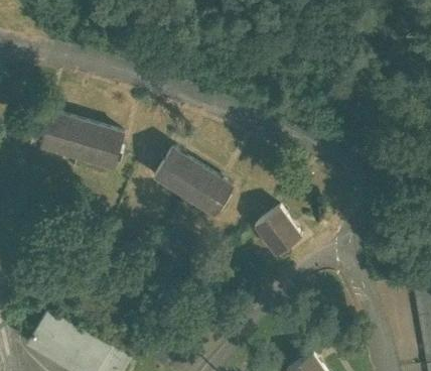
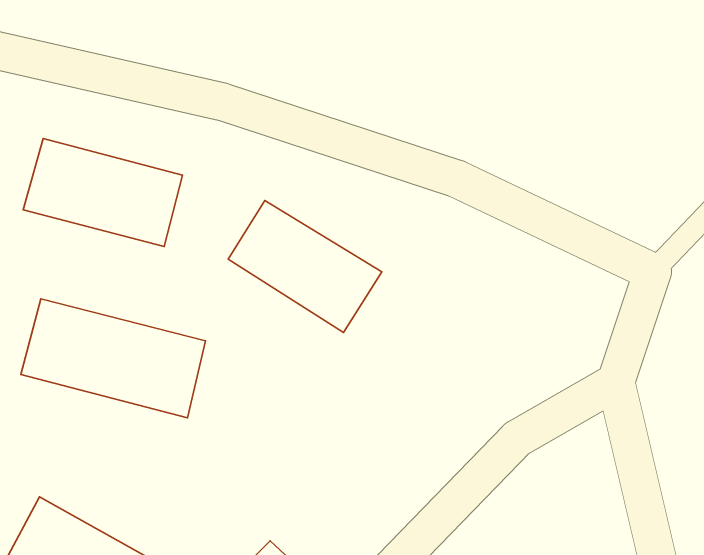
building: none -> [21,299,205,418]
building: [249,206,302,259] -> none

